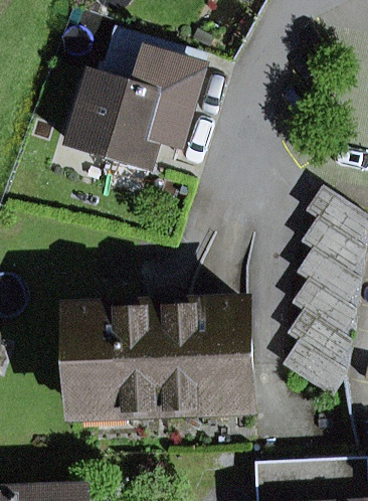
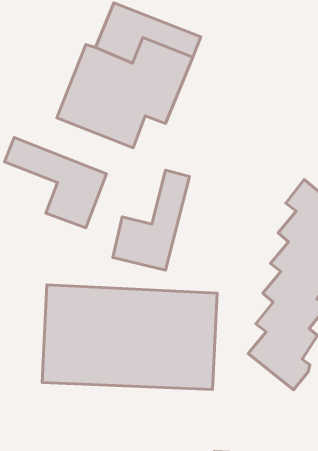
building: none -> [4,138,106,228]
building: none -> [113,170,189,270]

